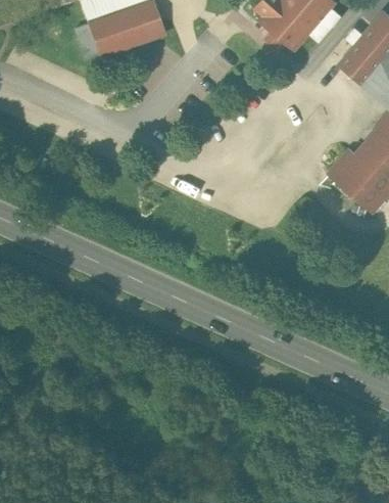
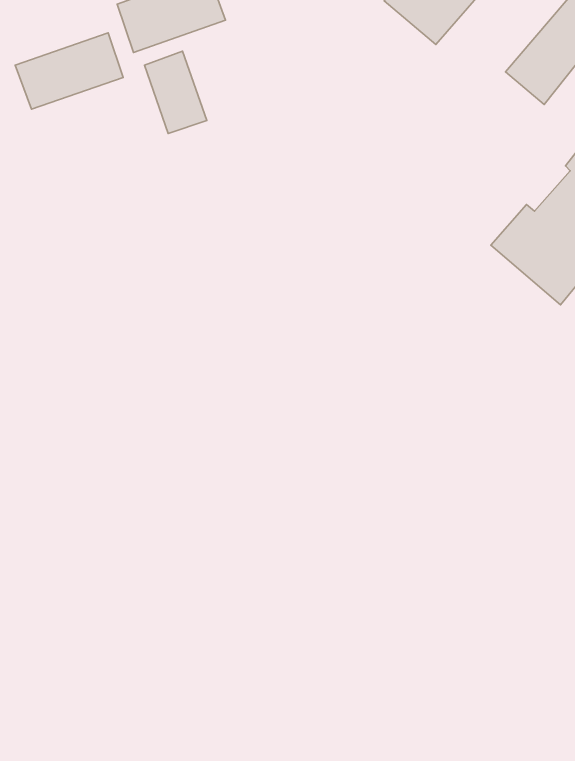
building: none -> [15,33,123,109]
building: none -> [145,51,207,134]

